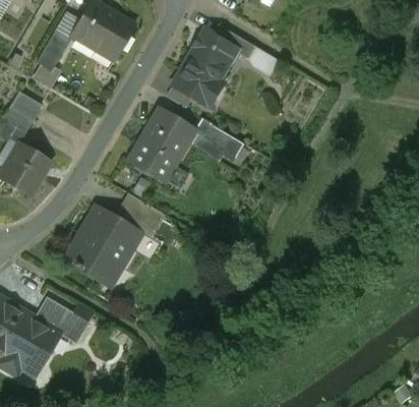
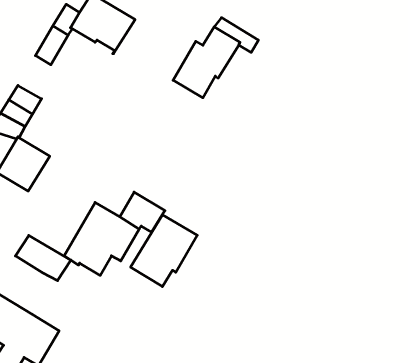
building: [127,109,193,180] -> [131,215,197,287]
building: [201,123,245,163] -> none
building: [33,298,87,343] -> [15,235,71,281]

